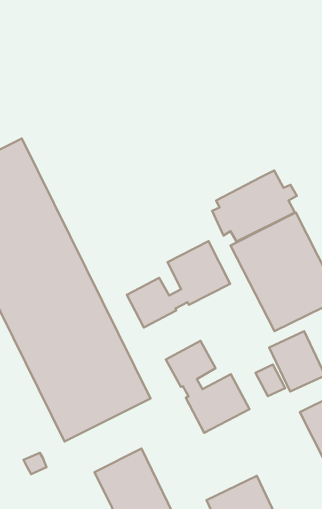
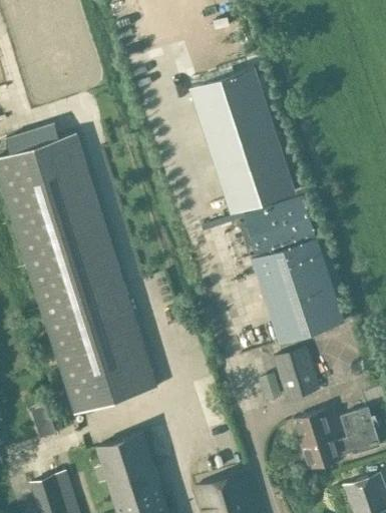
building: none -> [189,70,294,215]
building: [127,241,230,328] -> none
building: [166,341,249,433] -> none

